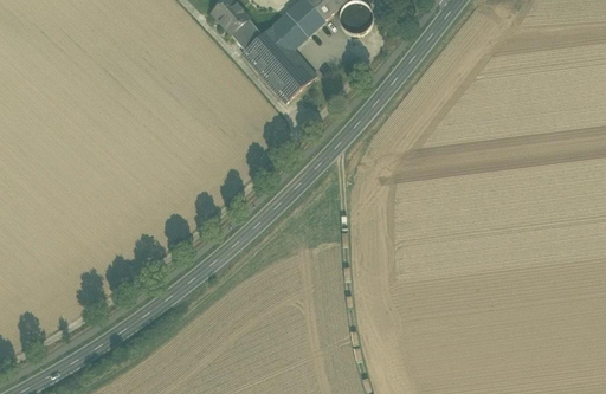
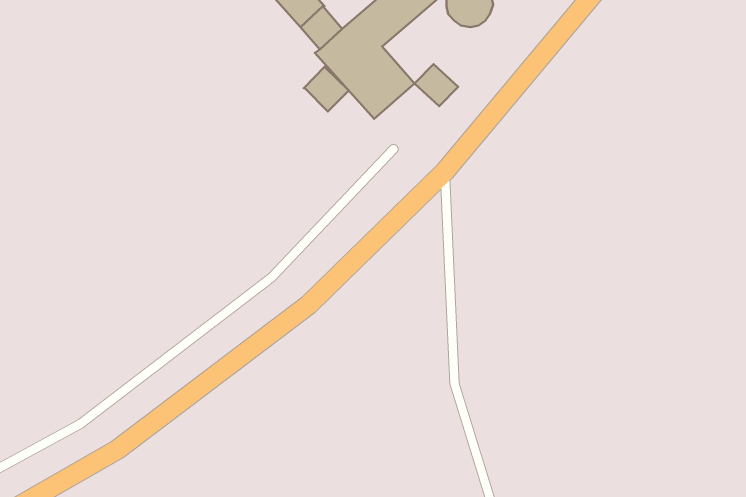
building: none -> [414,64,458,106]
building: none -> [304,67,349,112]

